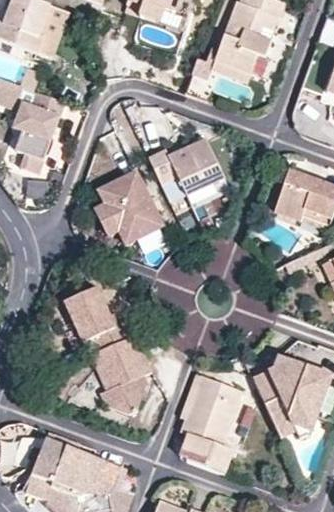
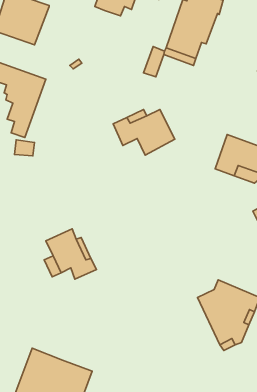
building: [95,171,164,245] -> none
building: [90,335,151,415] -> none
building: [178,372,241,473] -> none

